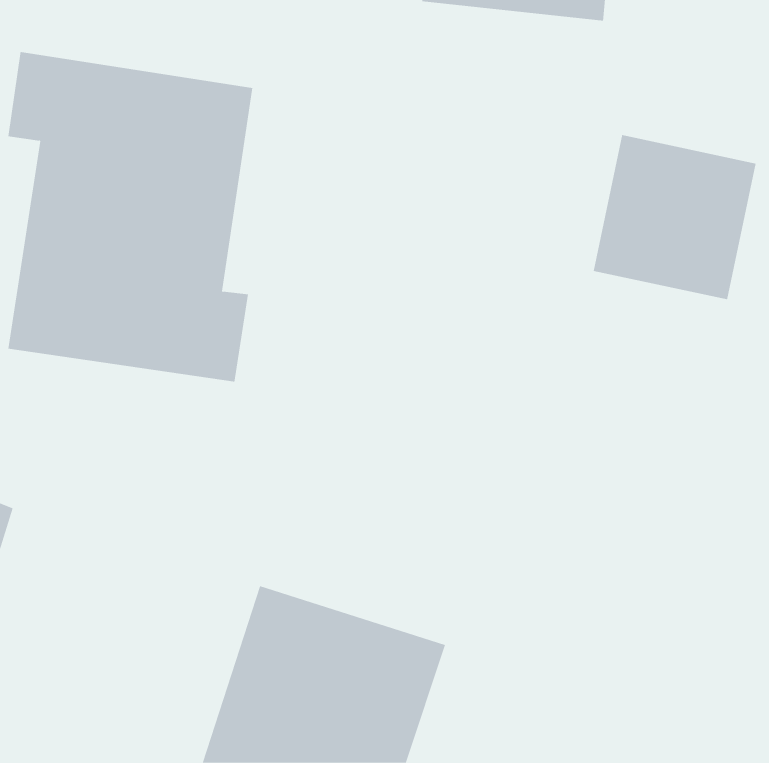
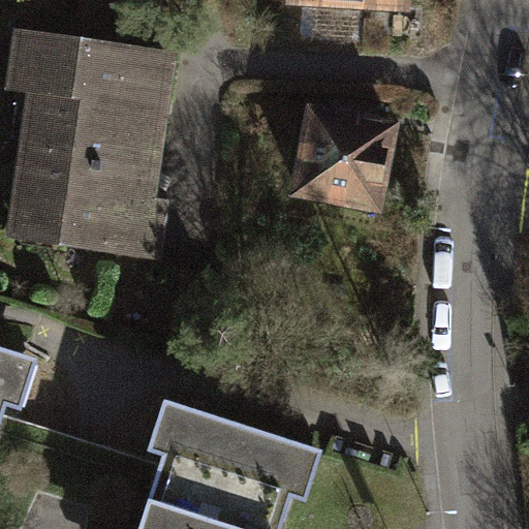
building: [593,135,757,300] -> [289,102,401,215]

